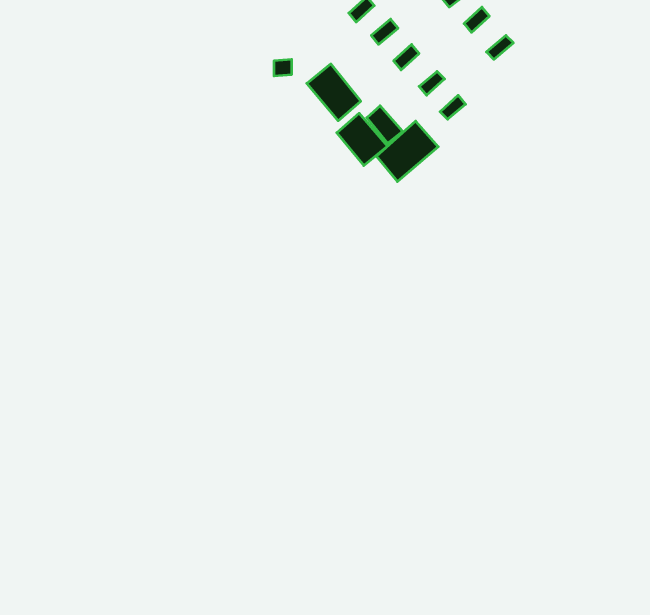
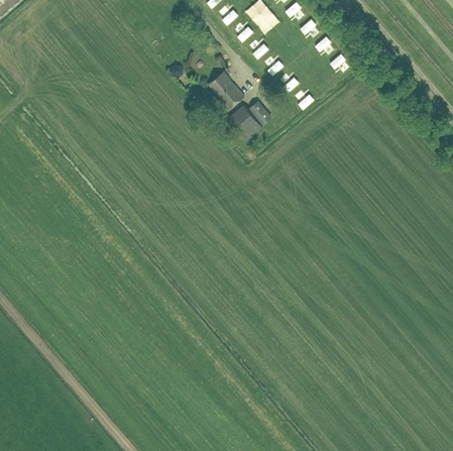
building: [376,121,438,182] -> none

